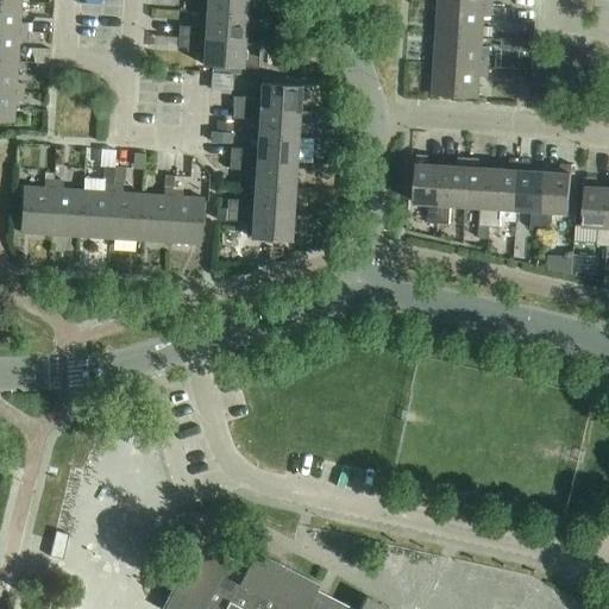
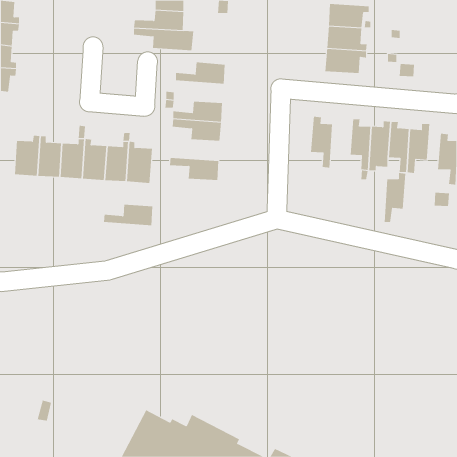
building: [232,107,299,137] -> none
building: [439,157,469,224] -> [384,173,406,223]
building: [226,186,293,214] -> [103,204,153,226]

